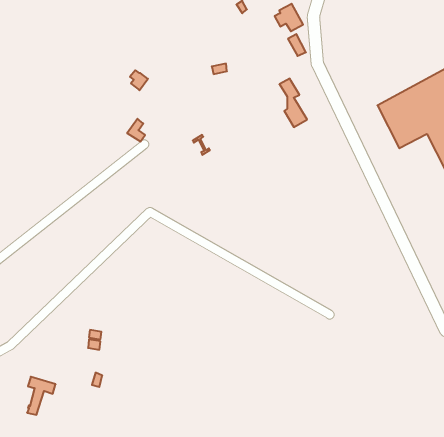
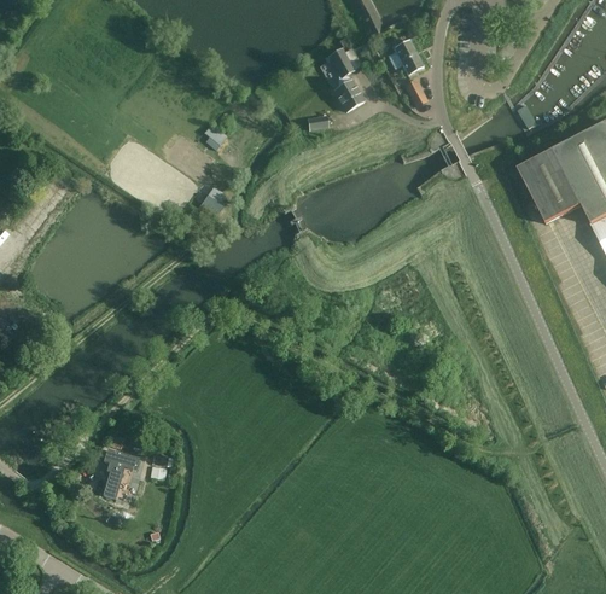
building: [279,79,307,127] -> [328,48,363,110]
building: [27,377,56,415] -> [103,448,139,496]

